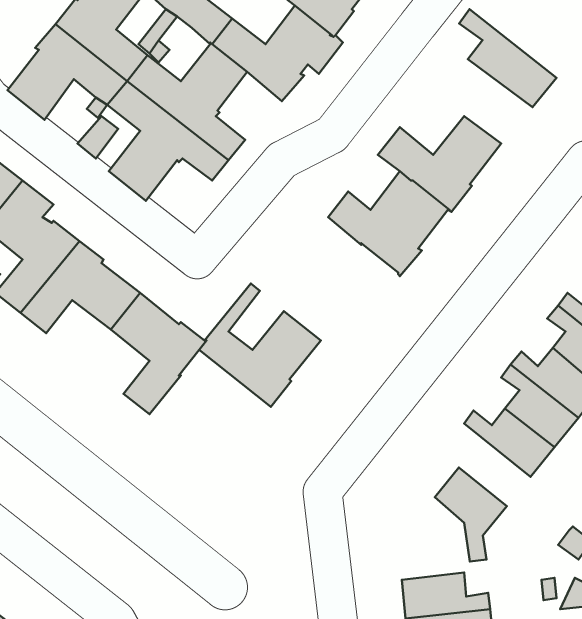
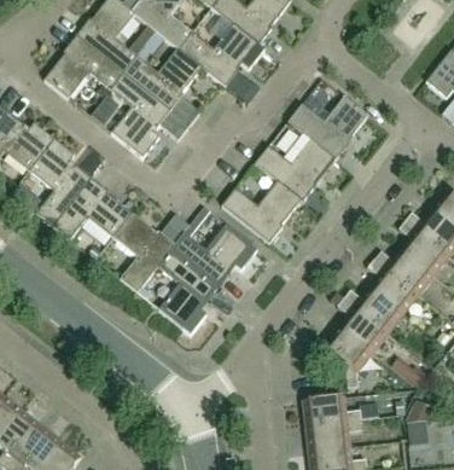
building: [459,9,557,107] -> none
building: none -> [221,180,301,243]
building: none -> [157,250,217,329]
building: none -> [337,298,388,353]

